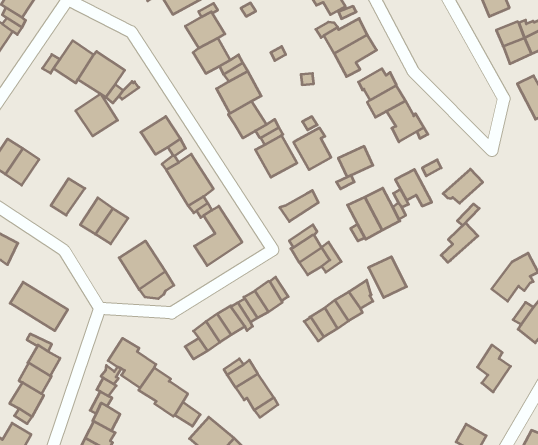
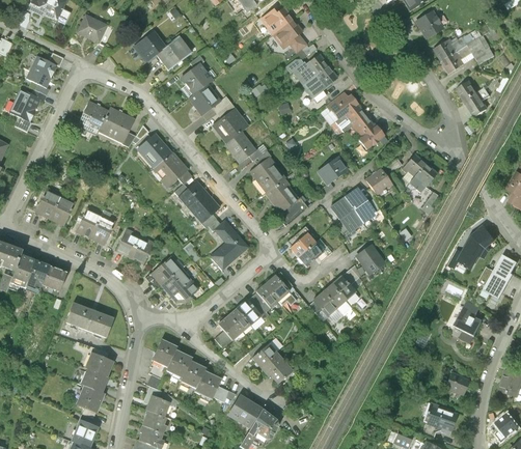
building: [76,94,118,136] -> [137,134,172,169]
building: [294,128,331,170] -> [264,178,296,214]
building: none -> [75,207,100,238]
building: [441,223,478,262] -> [399,155,427,189]

